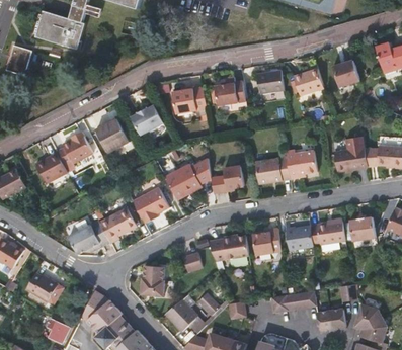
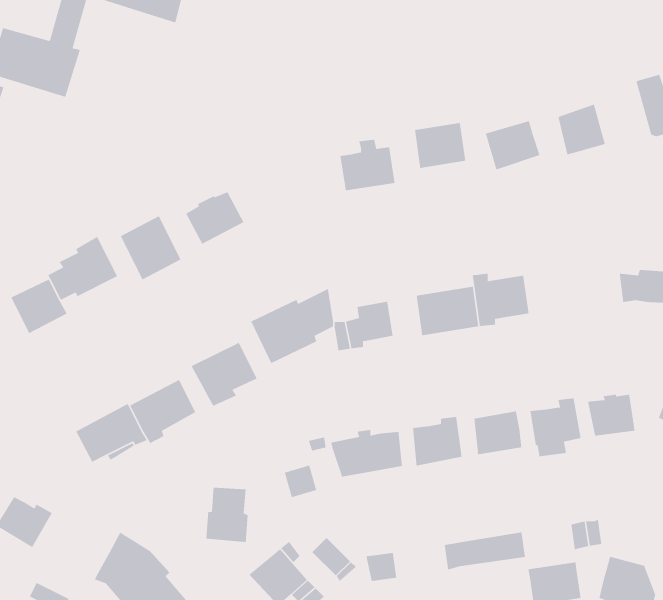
building: [172,87,207,114] -> none
building: [335,138,369,172] -> none

